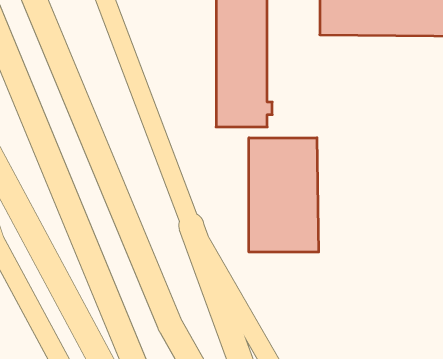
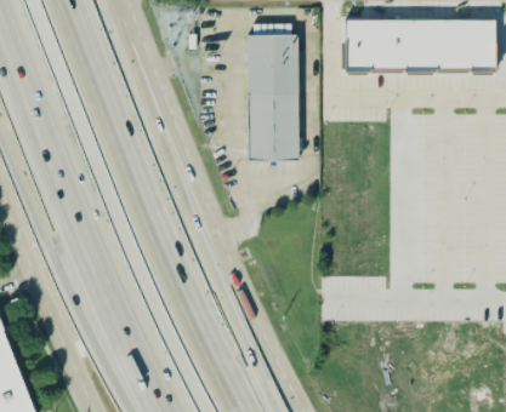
building: [249,138,319,252] -> none

